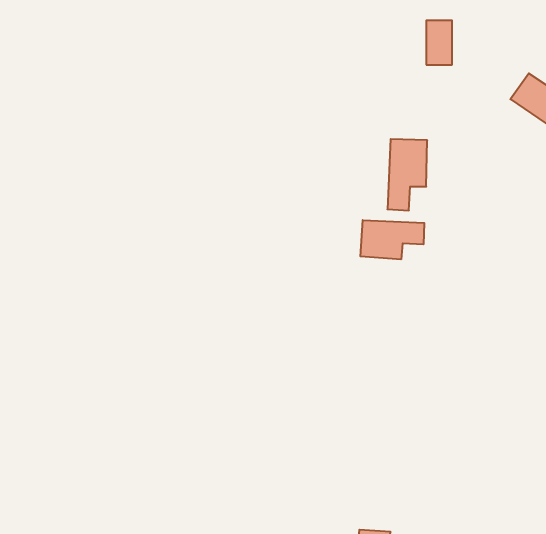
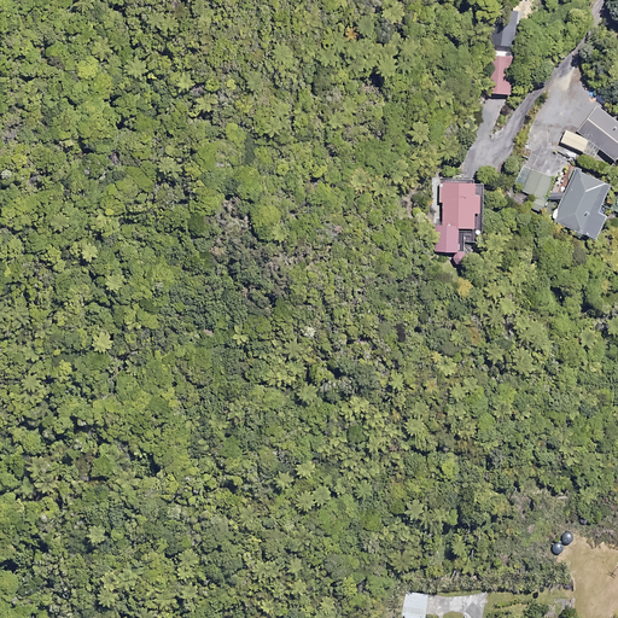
building: none -> [549,165,611,238]
building: [360,220,424,259] -> none

